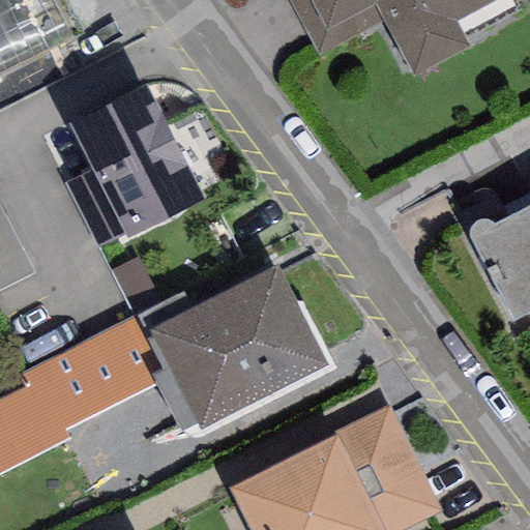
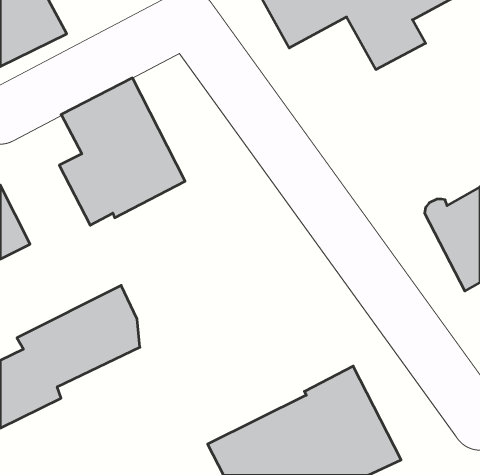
building: [139,267,328,432] -> none

